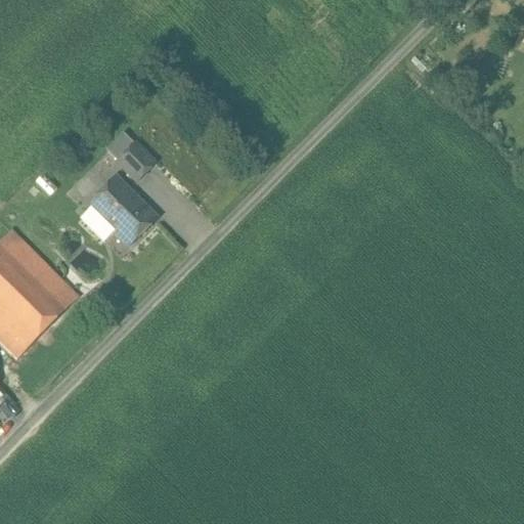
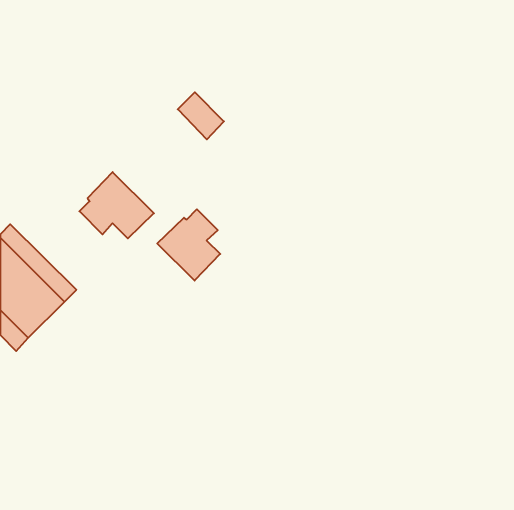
building: [107,131,155,179] -> [178,92,224,139]
building: none -> [157,209,220,281]

